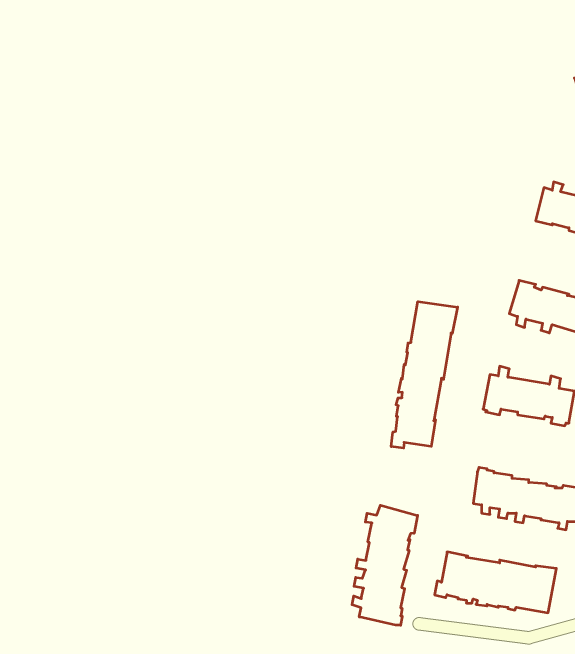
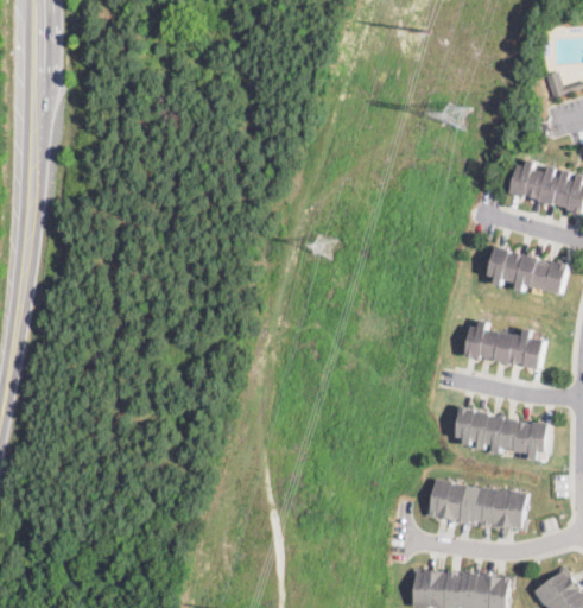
building: [391,302,458,448] -> none
building: [352,505,418,625] -> none

